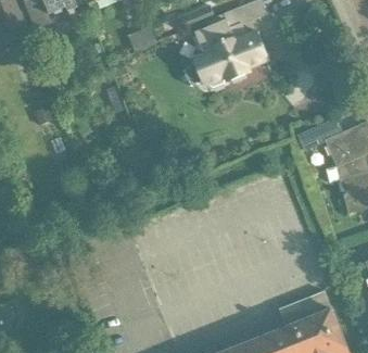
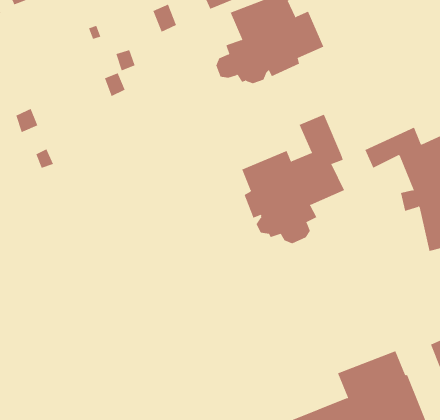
building: none -> [242,114,345,244]

